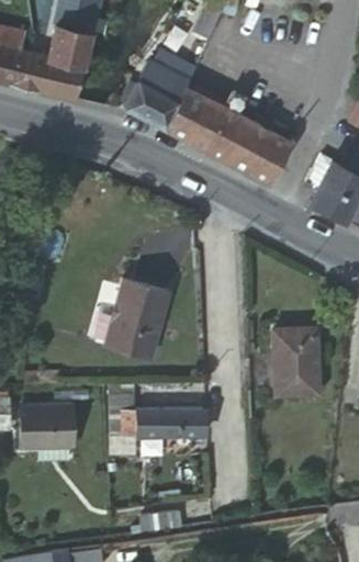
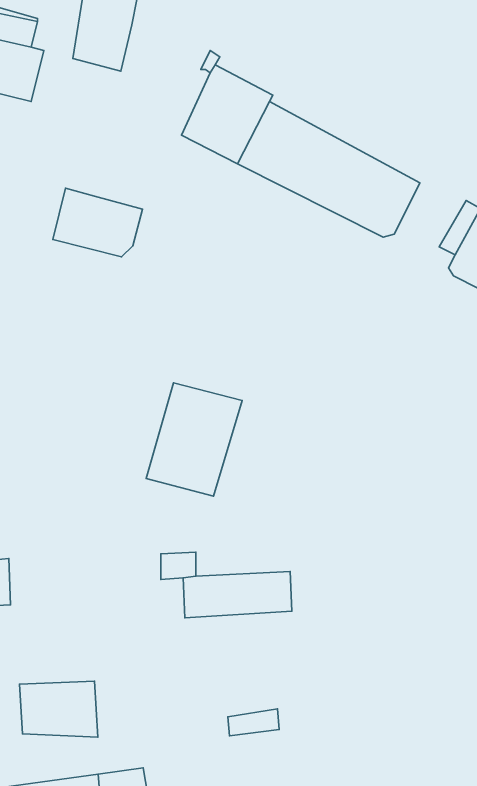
building: [24,52,86,99] -> [53,188,142,257]
building: [273,327,317,392] -> none
building: [19,407,72,446] -> [19,681,98,737]

